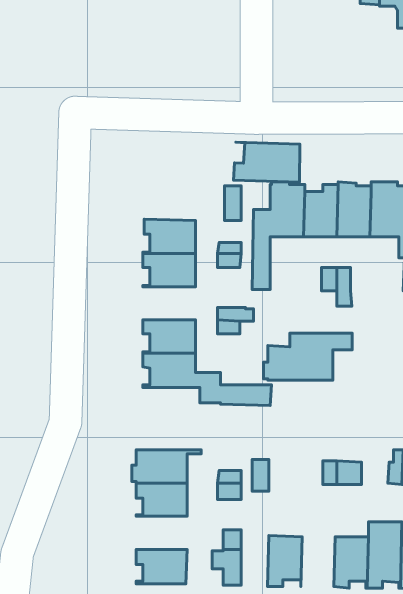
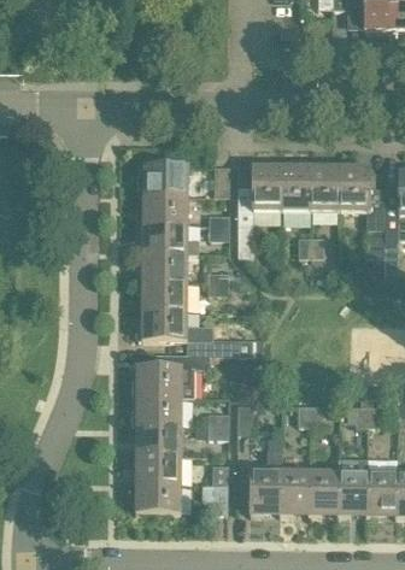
building: [234,142,300,182] -> none
building: none -> [142,165,187,195]
building: none -> [141,253,187,282]
building: [264,333,352,380] -> [131,354,209,395]
building: none -> [135,453,180,482]
building: none -> [278,471,309,515]

